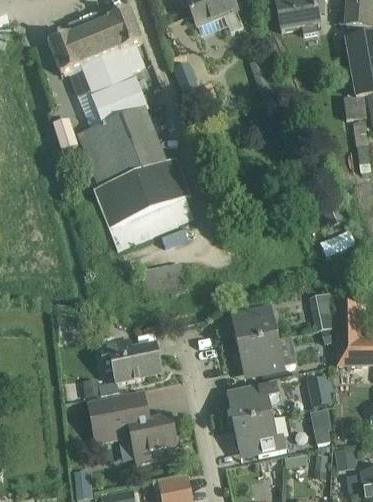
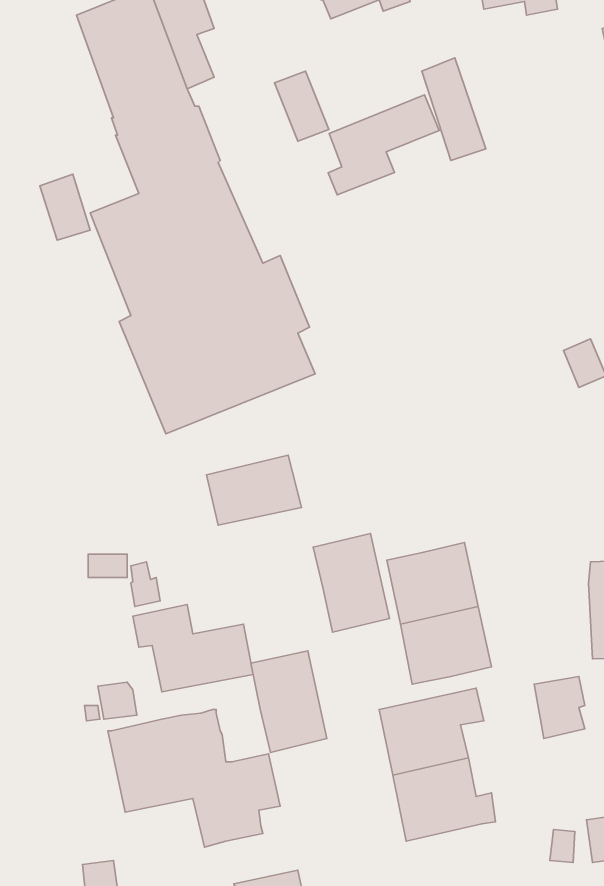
building: [47,31,89,92] -> none
building: none -> [328,95,439,195]
building: [309,292,333,329] -> none
building: none -> [313,533,390,632]
building: none -> [251,651,327,753]
building: [313,406,334,442] -> none

